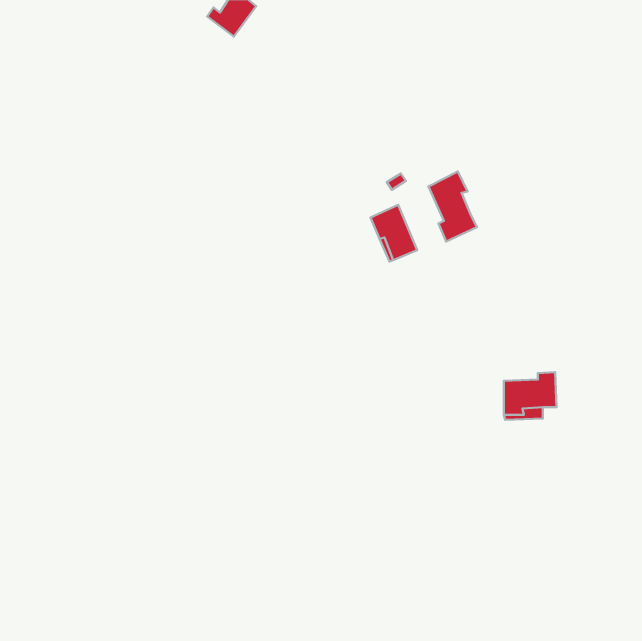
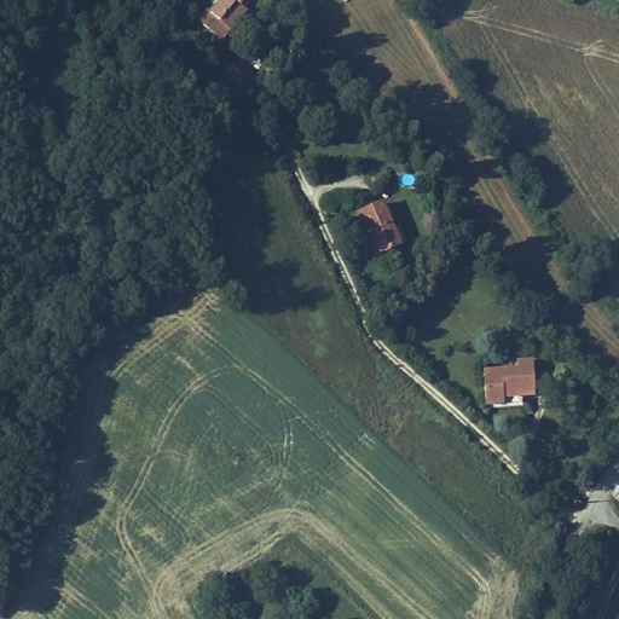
building: [428,171,477,242] -> none

